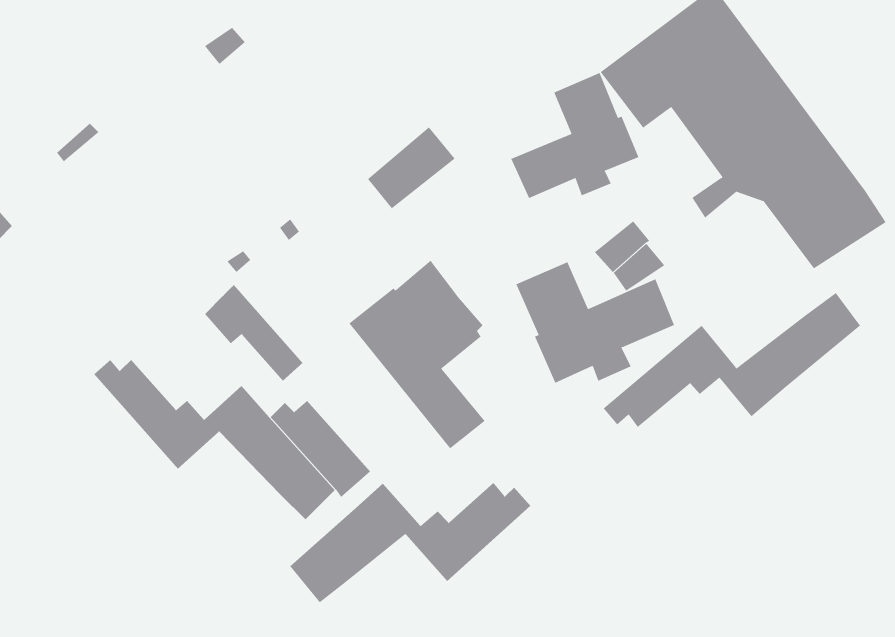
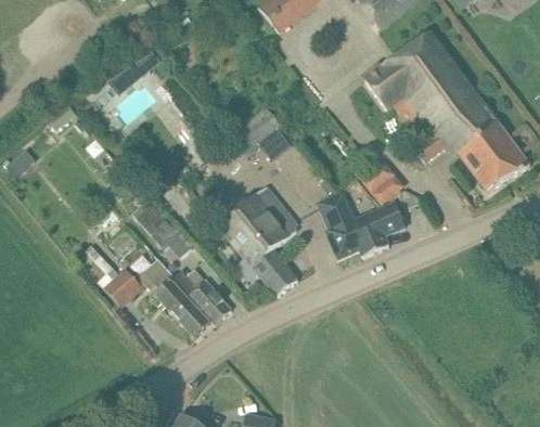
building: [511,72,639,199] -> none
building: [603,292,861,428] -> none
building: [290,482,531,603] -> none

